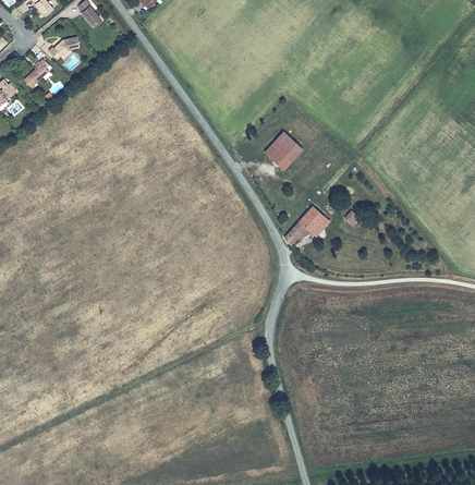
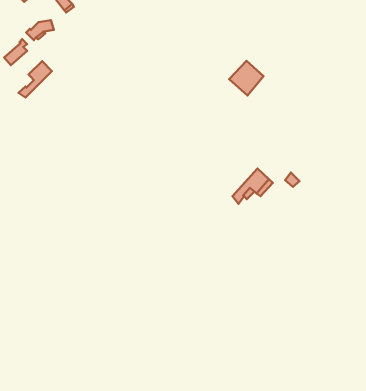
building: none -> [18,61,52,97]
building: [264,131,303,170] -> [229,61,264,95]

